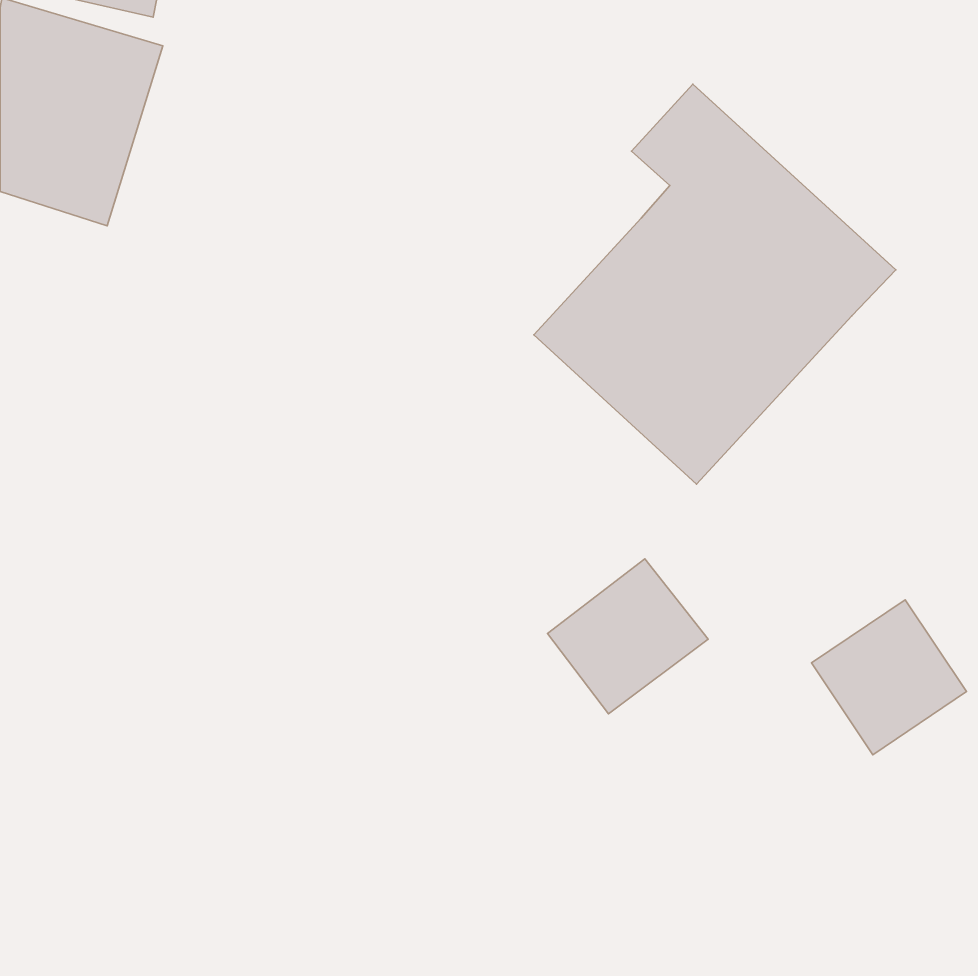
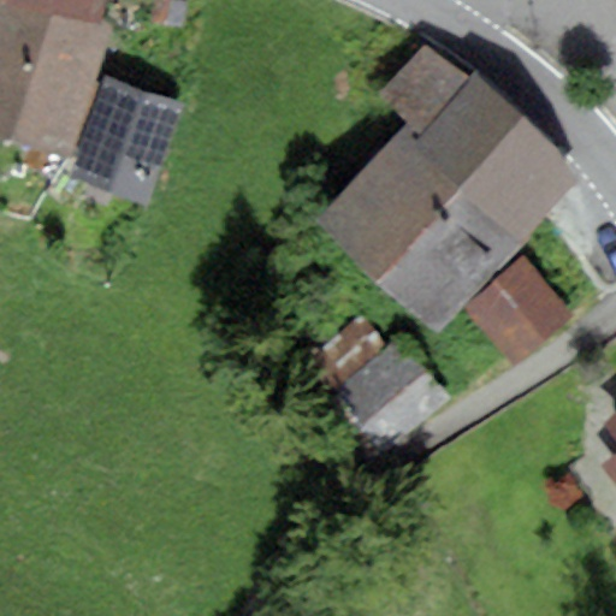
building: none -> [79,78,168,189]
building: [811,600,966,755] -> [469,263,567,361]

